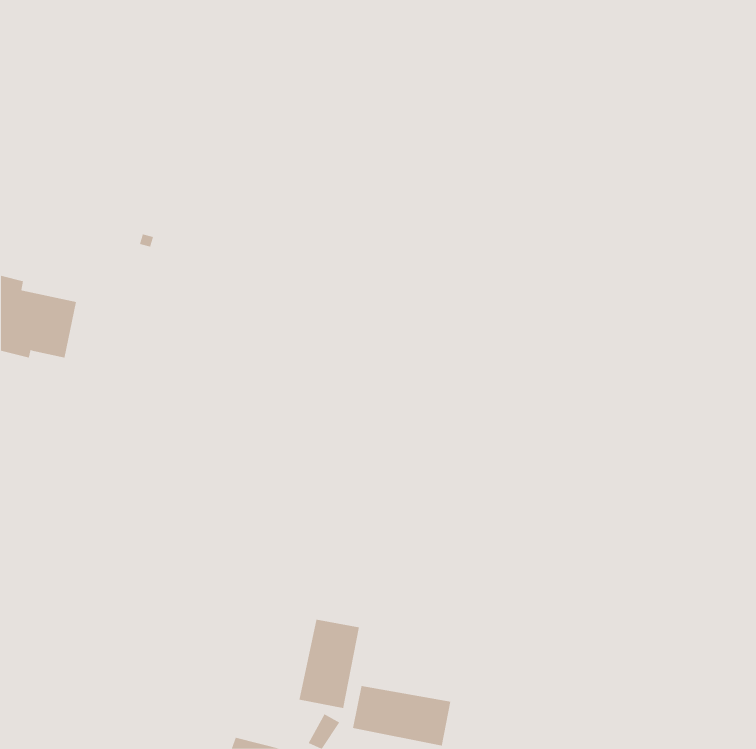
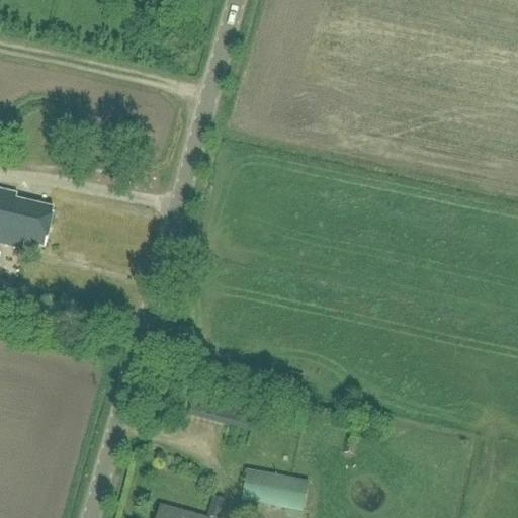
building: [299,619,360,709] -> none

